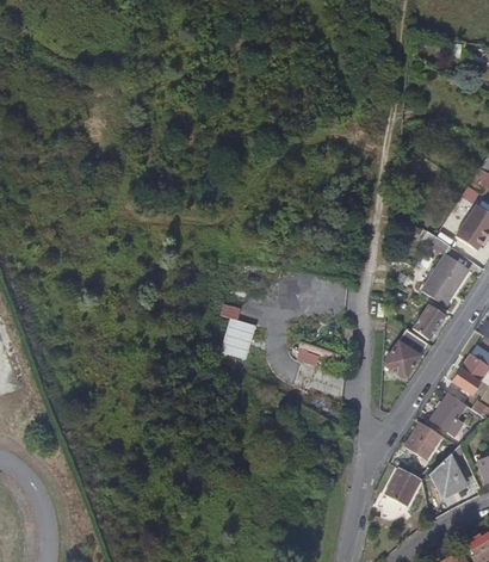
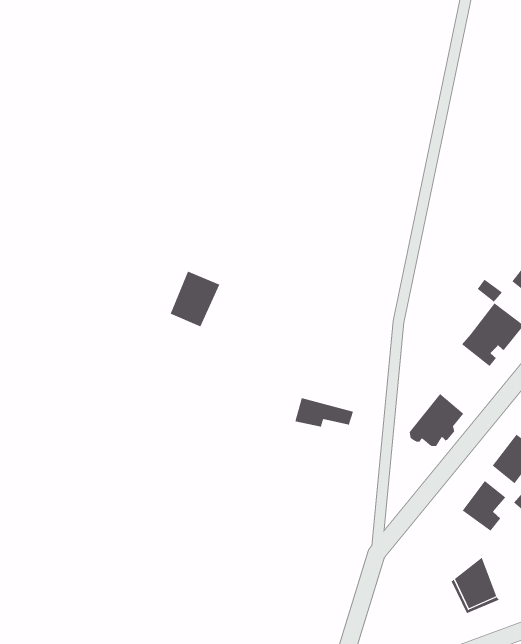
building: [413,305,445,340] -> none
building: [219,316,256,359] -> [170,271,220,327]
building: [404,421,441,461] -> none
building: [383,468,419,505] -> none

